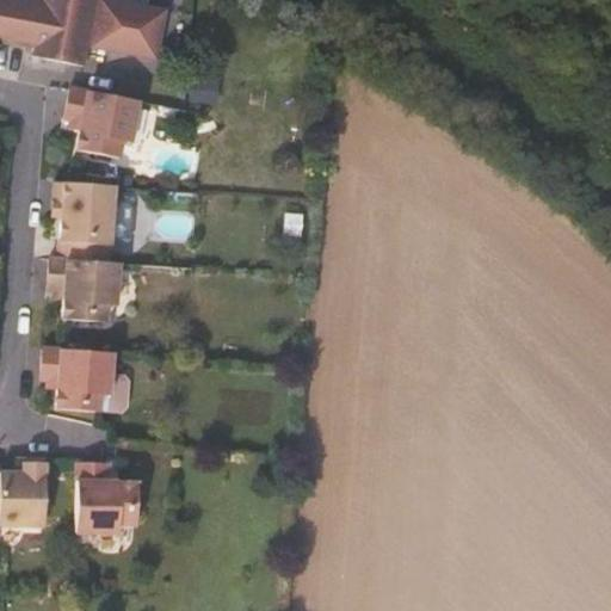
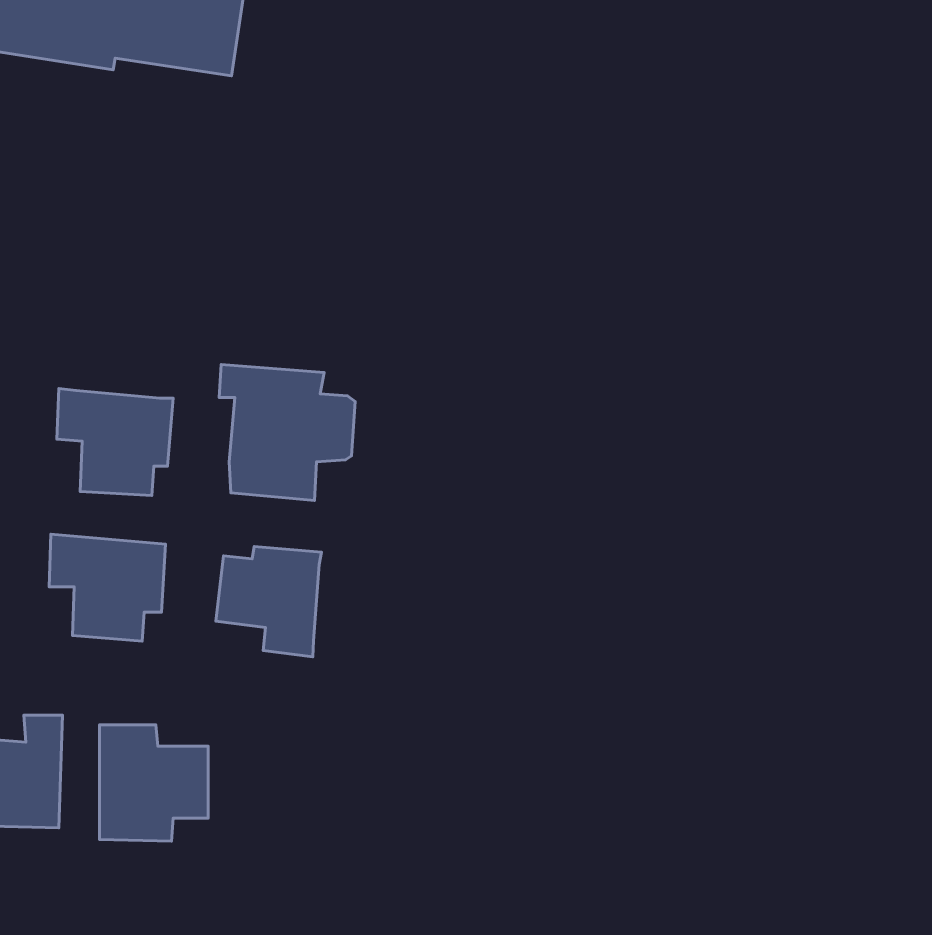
building: [66,88,138,159] -> none
building: [54,178,137,261] -> [219,365,355,501]
building: none -> [216,547,321,657]

